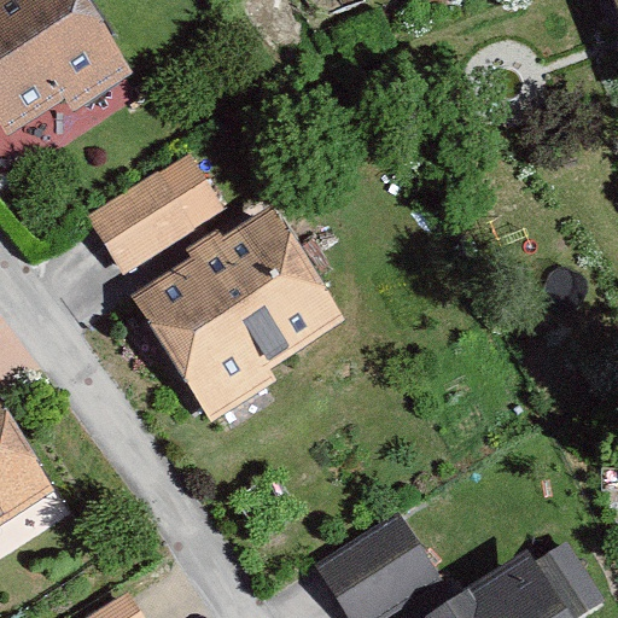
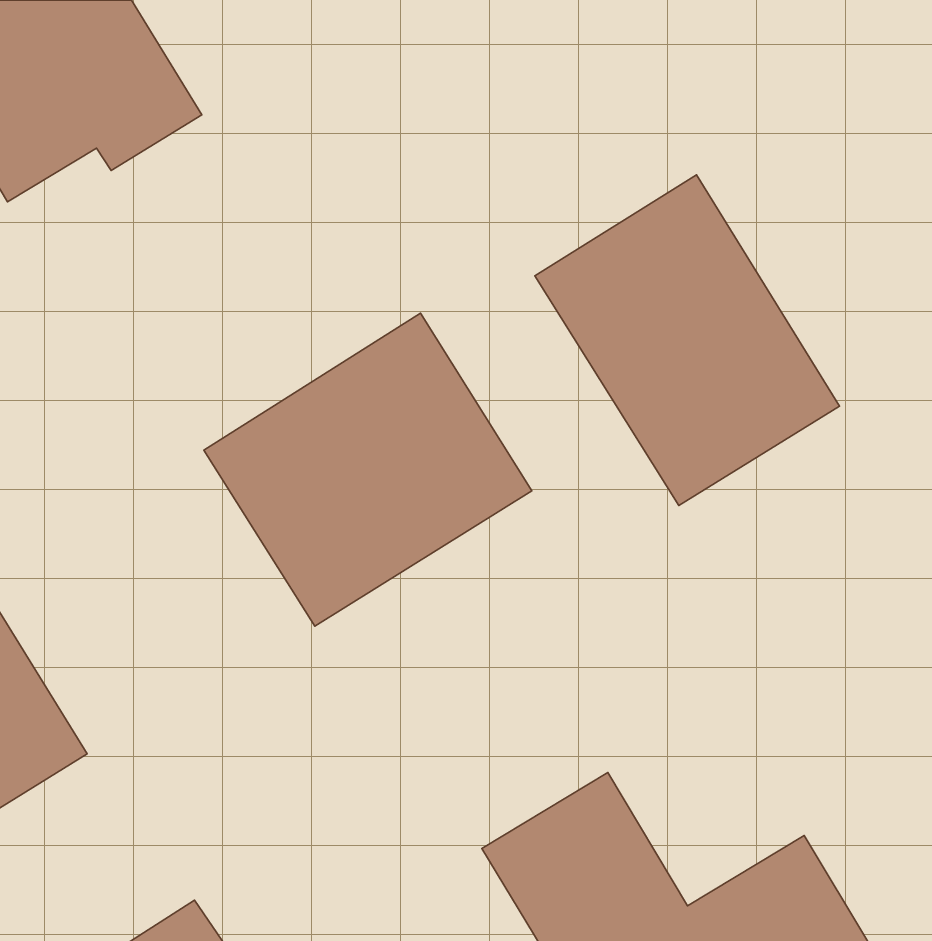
building: none -> [535,175,840,505]
building: [88,153,225,269] -> none

